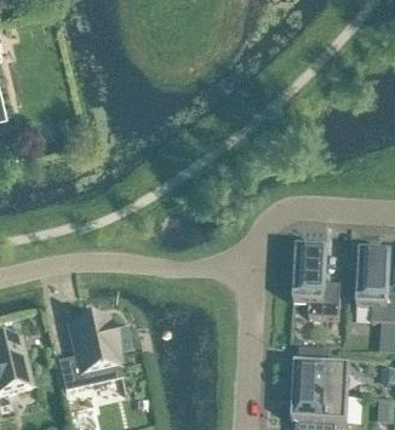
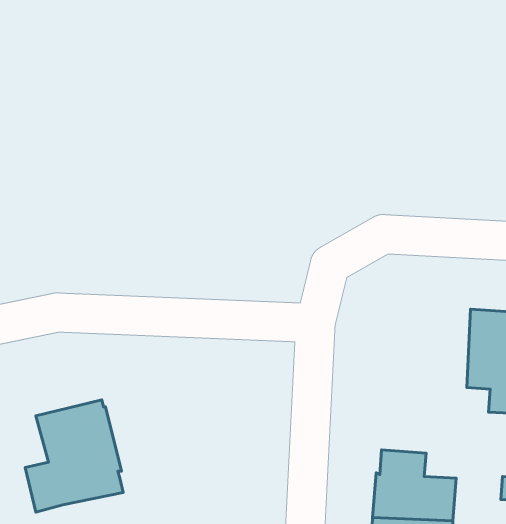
building: [293,246,338,315] -> none

